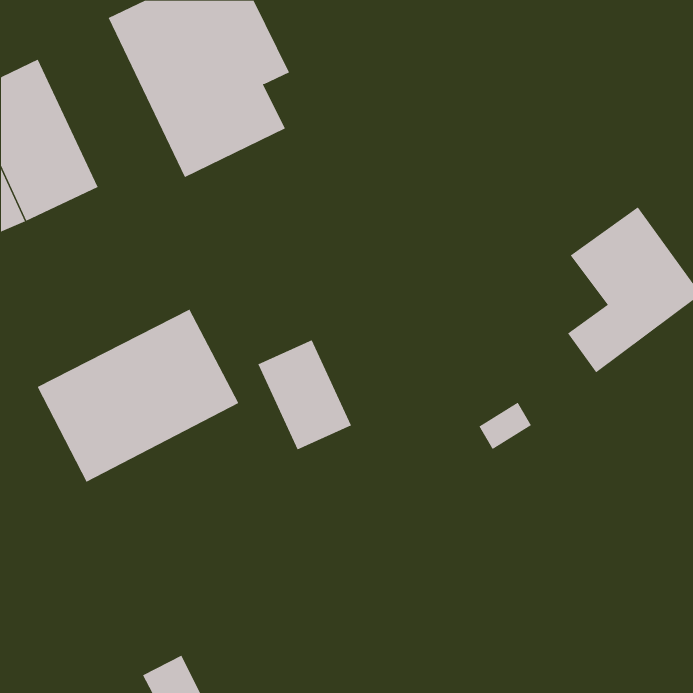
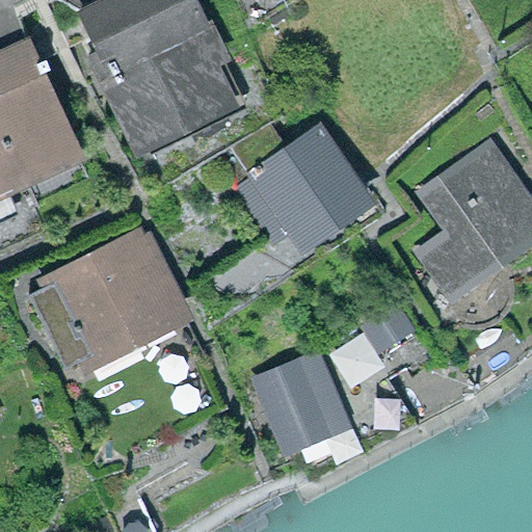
building: none -> [240,136,357,245]
building: [258,340,352,450] -> [261,367,332,451]

